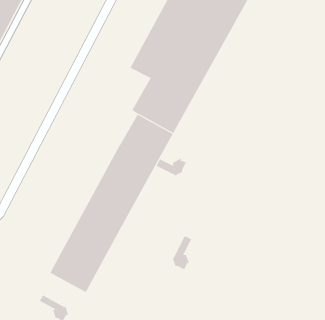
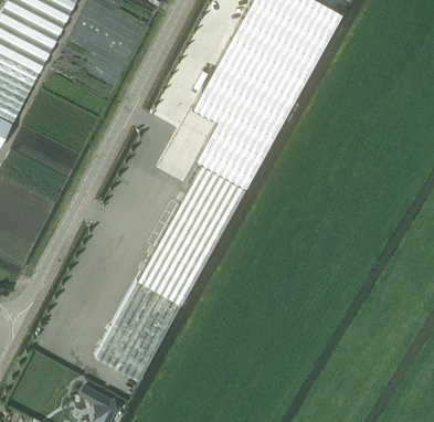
building: [156,158,187,177] -> none
building: [172,235,192,270] -> none

